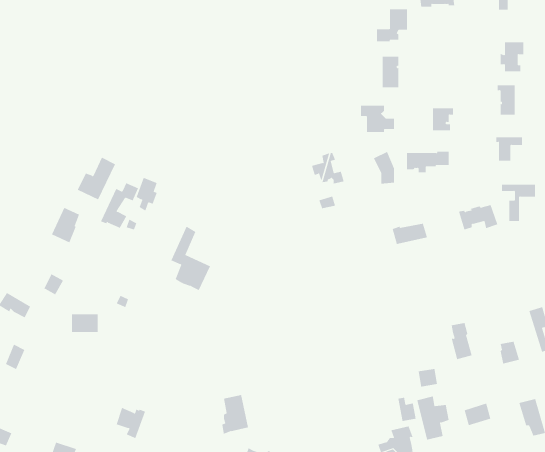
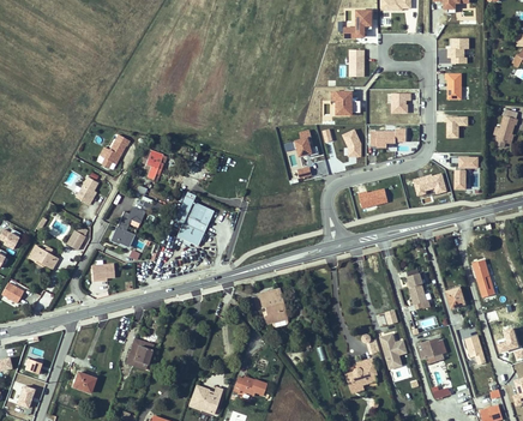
building: [100,183,139,229] -> [112,208,144,246]
building: [222,394,249,435] -> [264,290,287,324]

